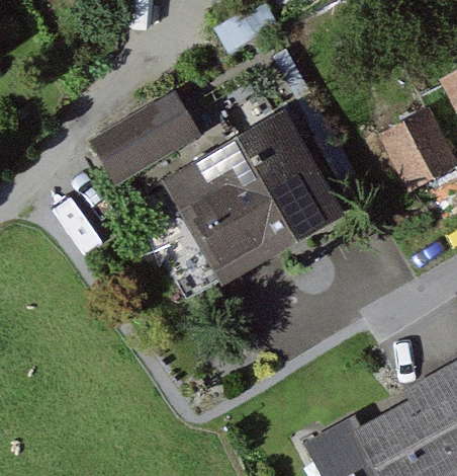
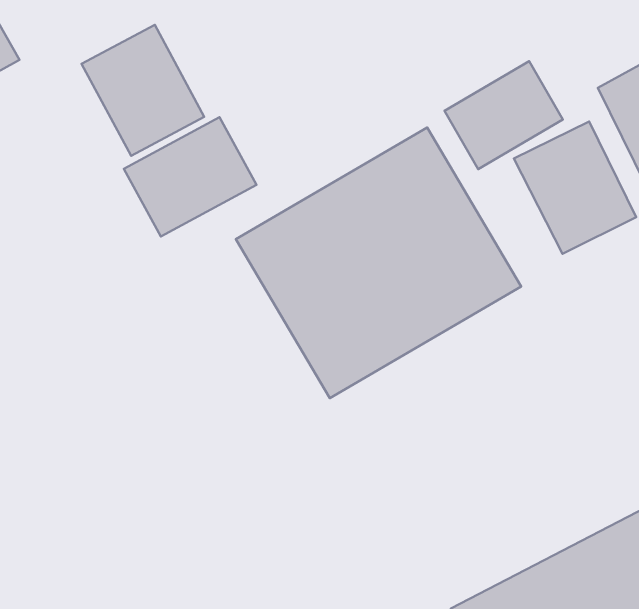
building: none -> [82,25,204,156]
building: none -> [444,61,563,169]

